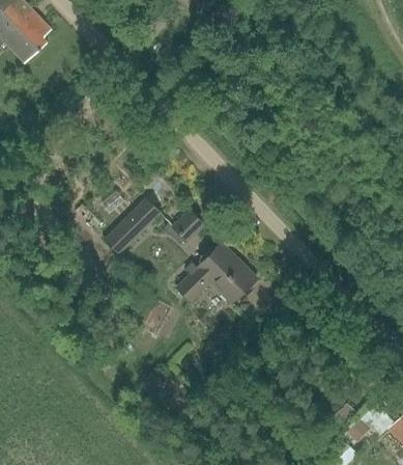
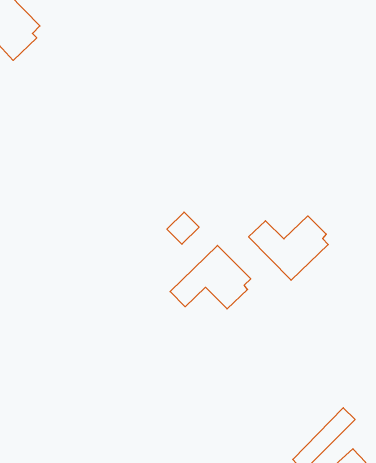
building: [105,197,161,253] -> none
building: none -> [249,216,328,280]

